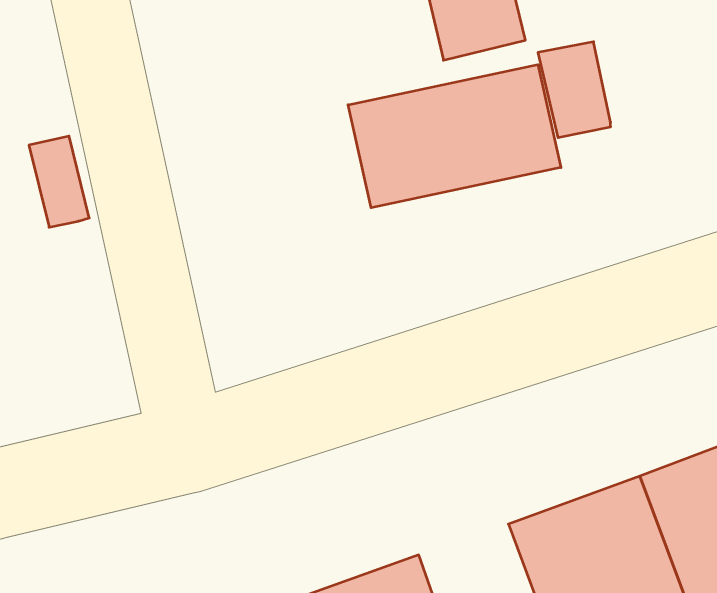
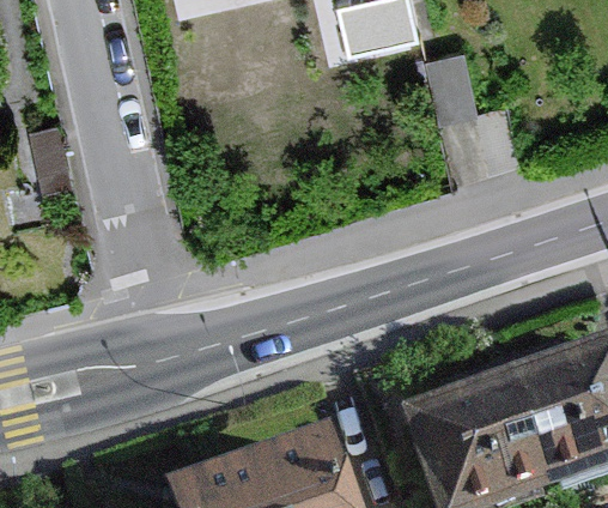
building: [348,65,561,208] -> none

